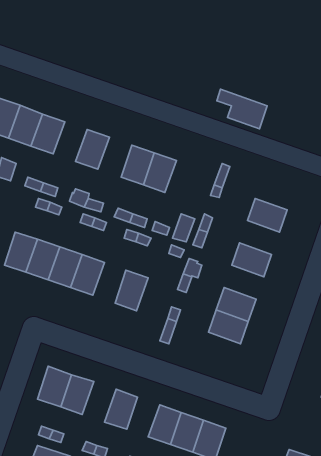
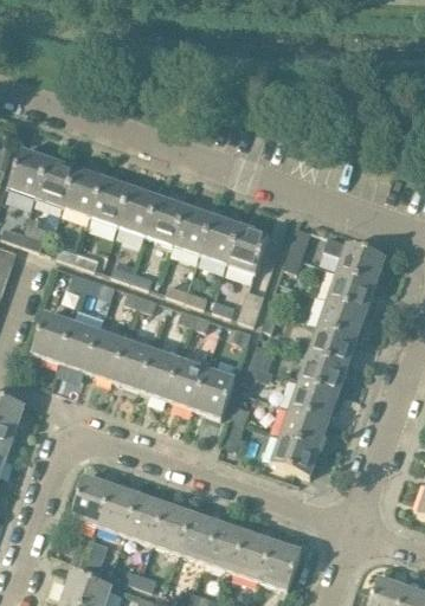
building: [217,89,267,129] -> [323,237,385,285]
building: none -> [90,178,131,226]
building: none -> [144,196,186,245]
building: none -> [226,225,268,273]
building: none -> [317,298,366,340]
building: none -> [139,349,179,399]
building: none -> [298,353,347,394]
building: none -> [192,368,234,418]
building: none -> [269,434,318,477]
building: none -> [125,495,167,544]
building: none -> [180,514,220,562]

